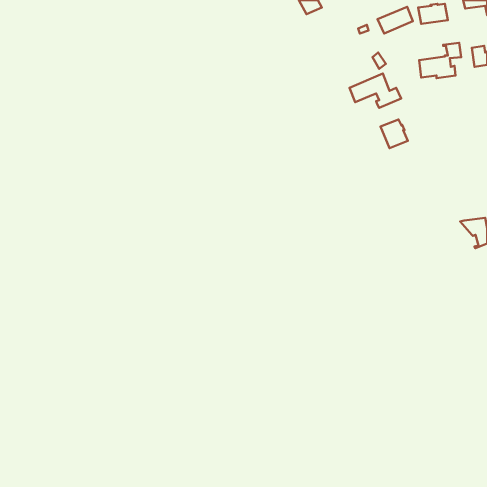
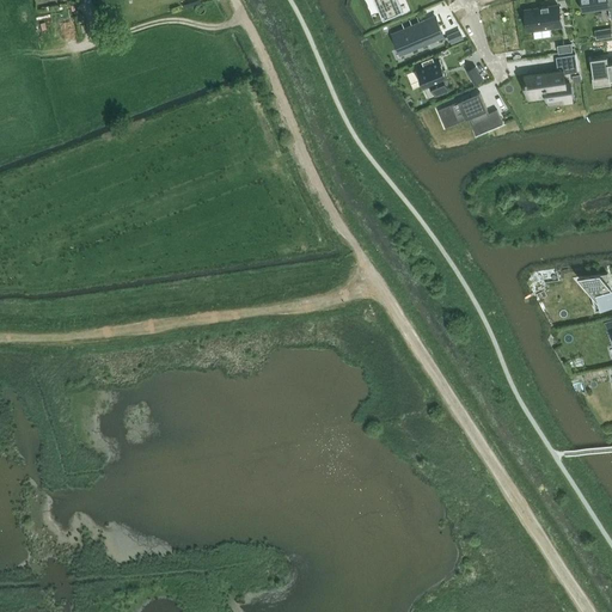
building: [378,7,413,34] -> [398,18,442,51]
building: none -> [416,60,449,97]
building: [380,119,408,148] -> none

